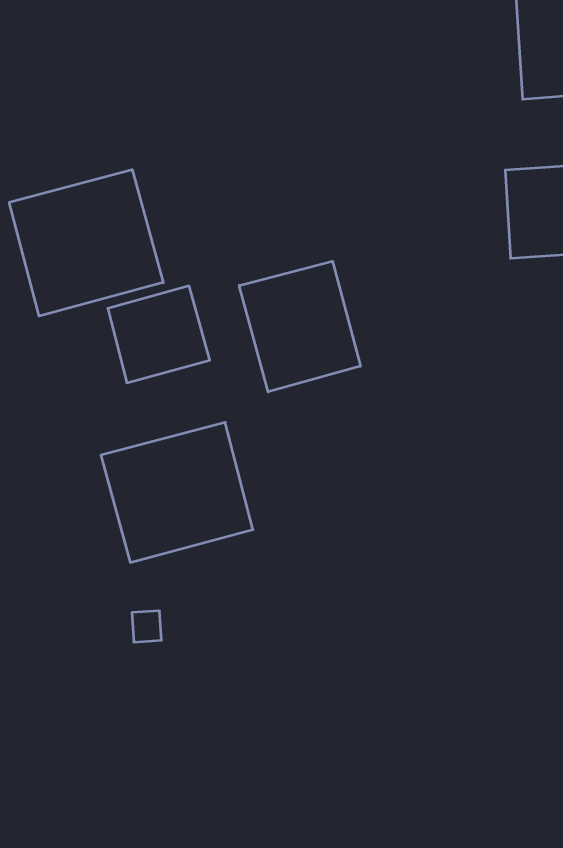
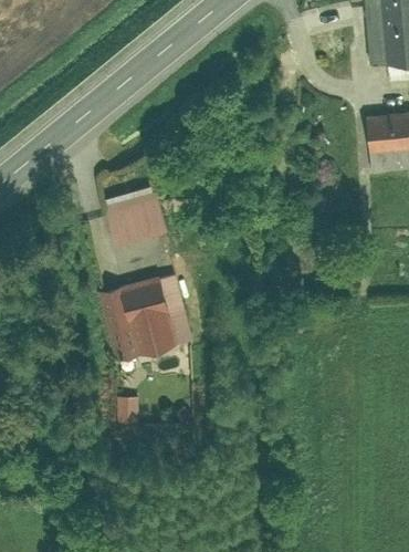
building: [9,170,163,316] -> none
building: [239,261,360,392] -> none

